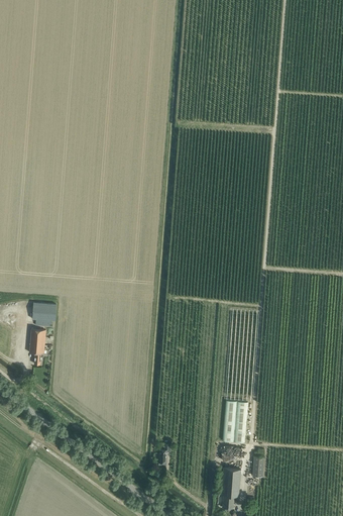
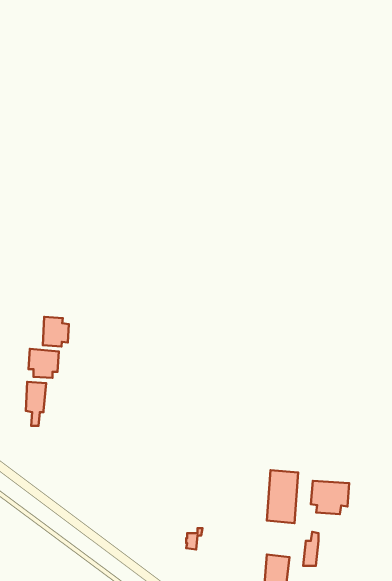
building: none -> [43,317,69,347]
building: none -> [311,481,349,514]

